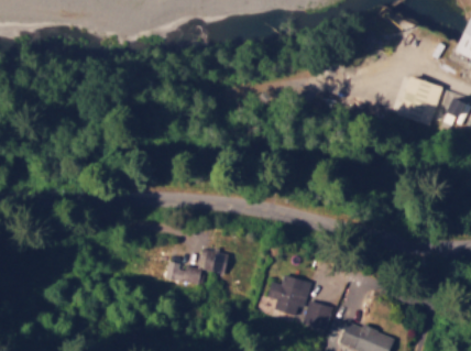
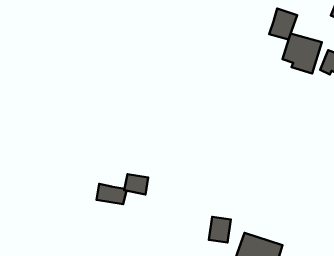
building: none -> [269,9,297,40]
building: [267,274,311,315] -> none

